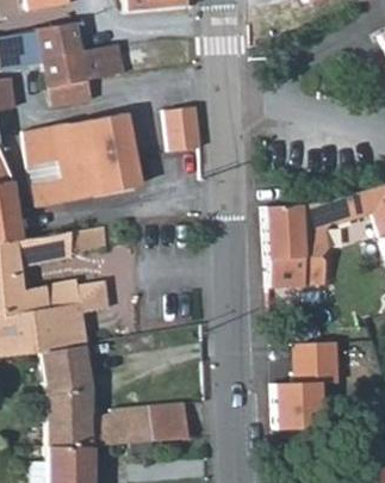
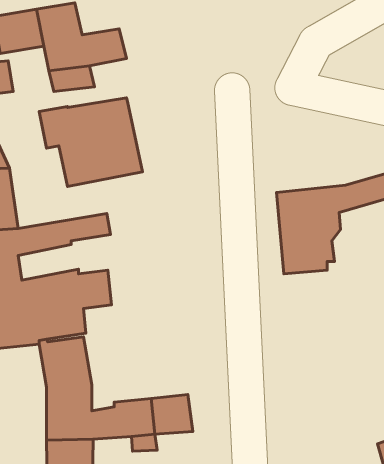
building: [166,109,203,154] -> none
building: [25,128,68,206] -> none
building: [277,346,343,434] -> none

